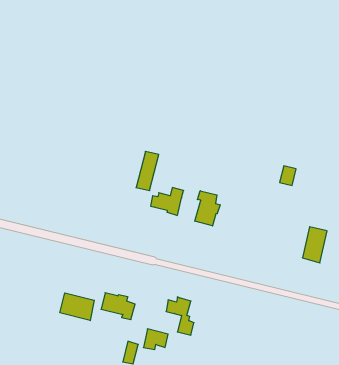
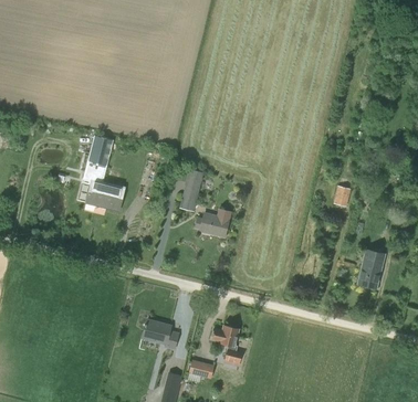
building: none -> [83,136,124,211]
building: [195,191,220,226] -> none
building: [60,293,94,321] -> none

